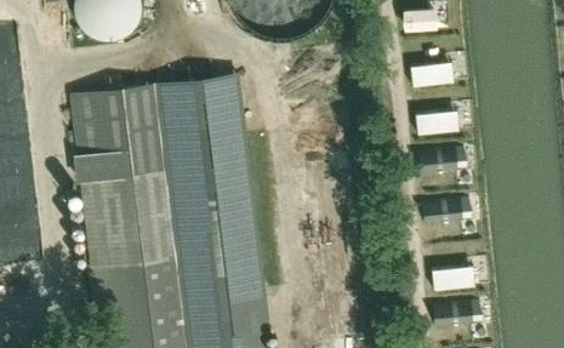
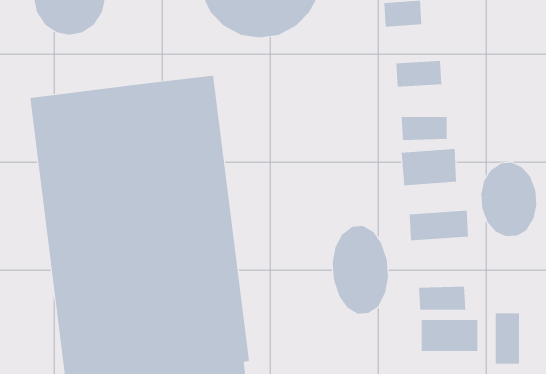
building: none -> [481,162,537,237]
building: none -> [332,225,388,314]
building: none -> [495,313,519,365]

